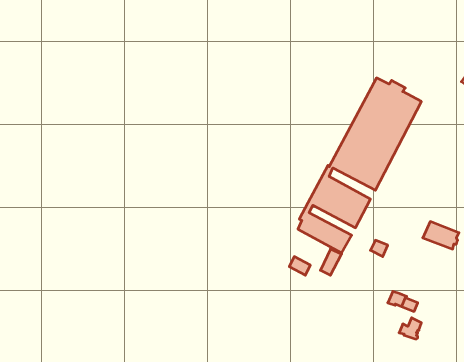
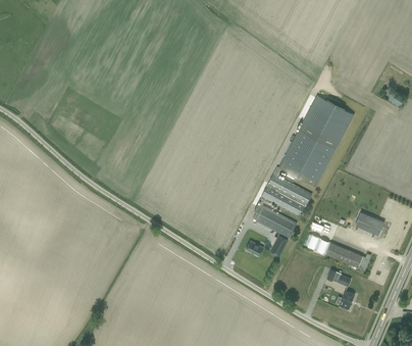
building: none -> [326,243,370,270]

